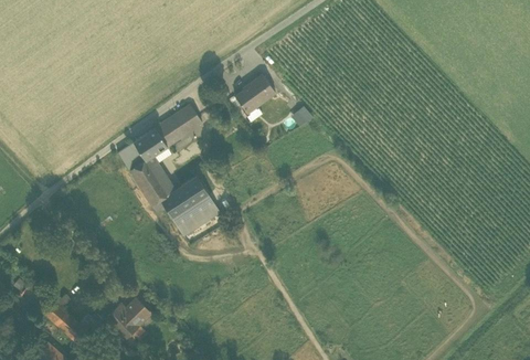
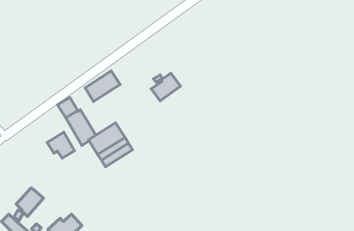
building: [236,75,276,113] -> [151,73,181,101]
building: [134,128,167,160] -> none
building: none -> [47,132,75,158]
building: none -> [16,188,43,217]

